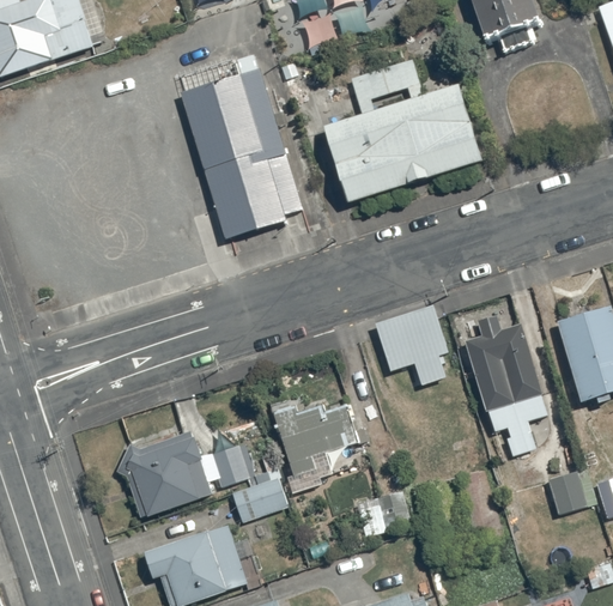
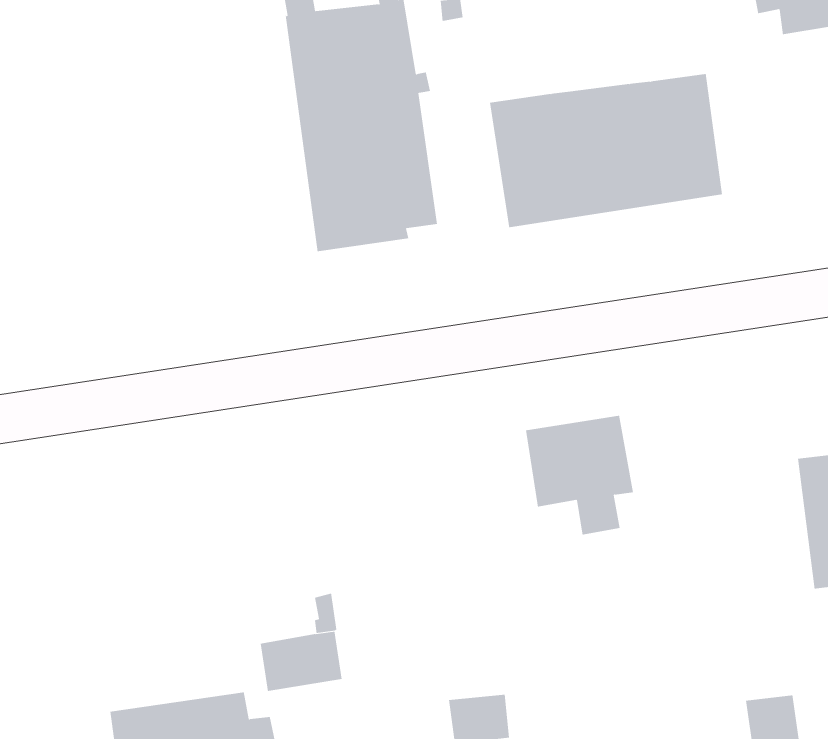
building: [350,57,424,113] -> none
building: [465,315,548,455] -> none
building: [272,402,366,477] -> none
building: [116,430,213,519] -> none
building: [210,444,256,486] -> none

